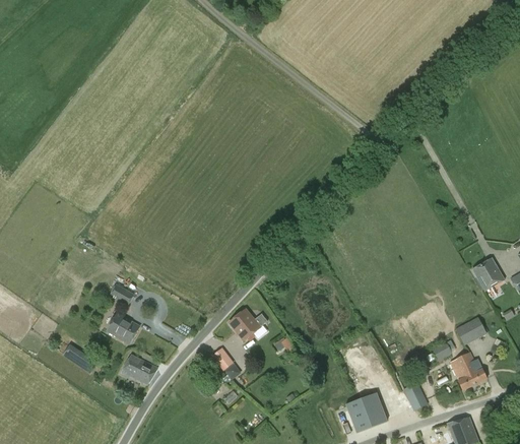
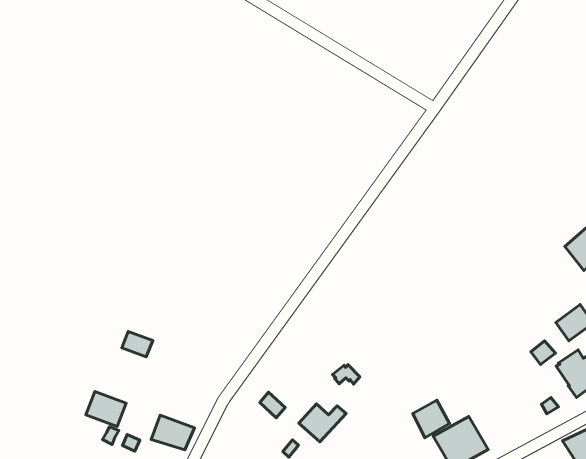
building: [230,309,268,339] -> [299,404,346,442]
building: [107,313,140,343] -> [86,391,126,427]
building: none -> [413,400,450,438]
building: [403,382,428,409] -> none

